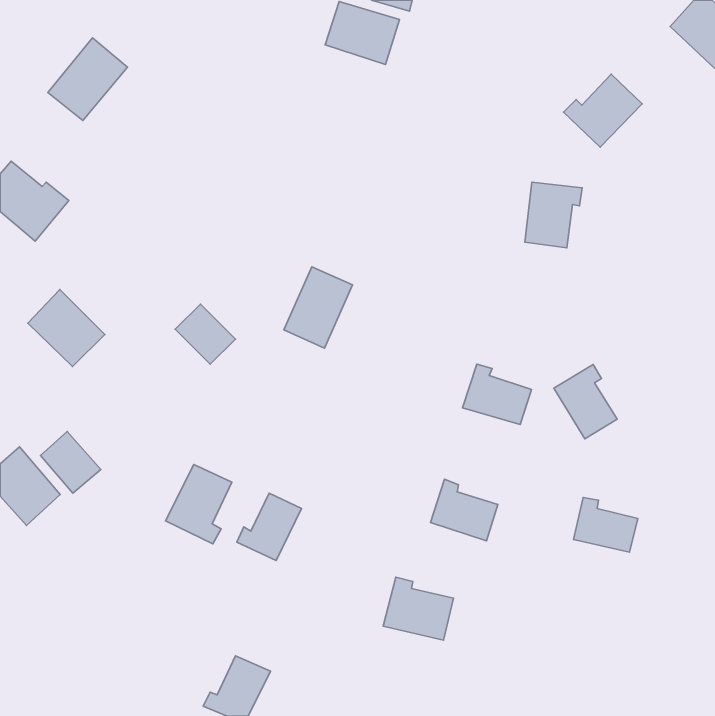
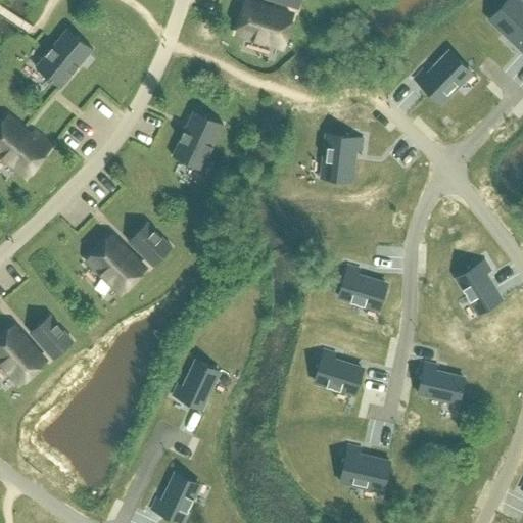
building: [525,182,582,248] -> [322,134,364,182]
building: [284,267,353,348] -> [174,110,224,170]
building: [28,290,105,367] -> [89,236,145,292]
building: [554,365,617,439] -> [457,259,503,314]
building: [166,464,232,544] -> none
building: [383,577,453,640] -> [340,445,391,491]

